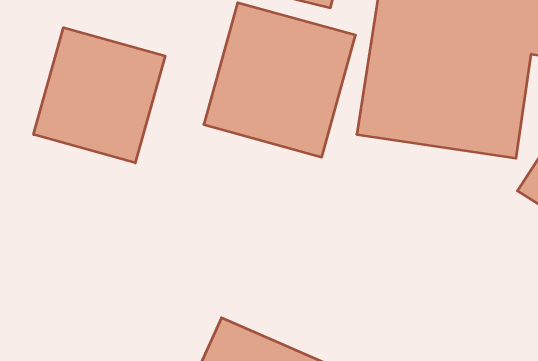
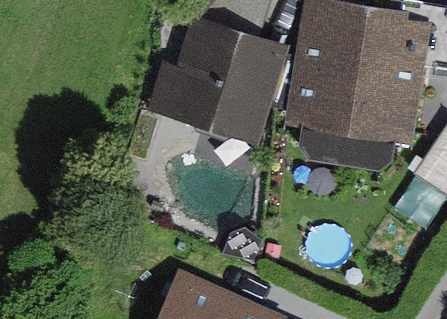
building: [34,28,165,163] -> none

